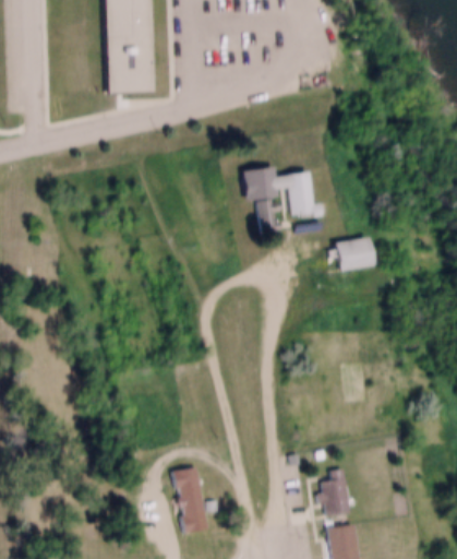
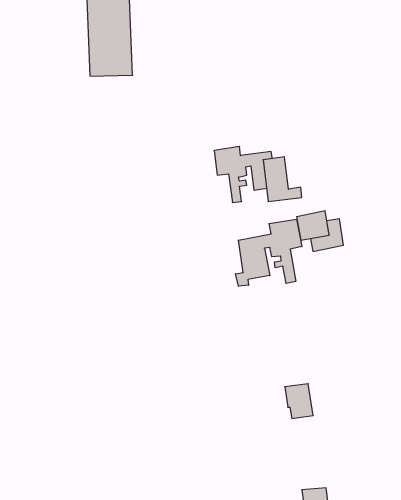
building: none -> [236,219,302,286]
building: [172,463,205,528] -> none
building: [326,484,357,521] -> [285,384,313,418]

